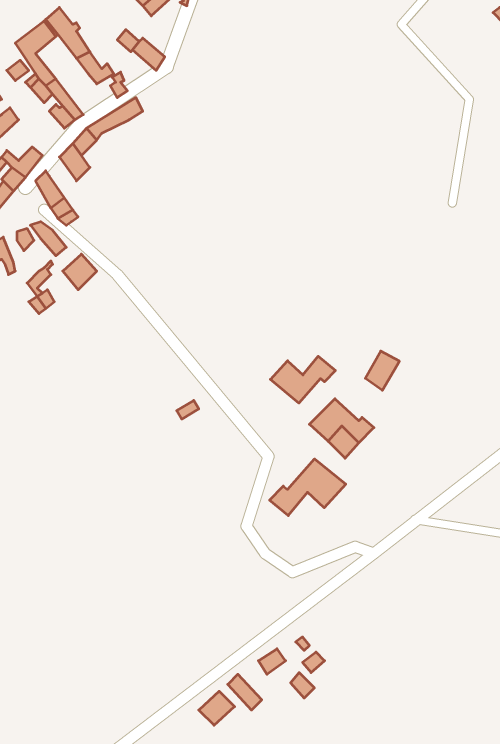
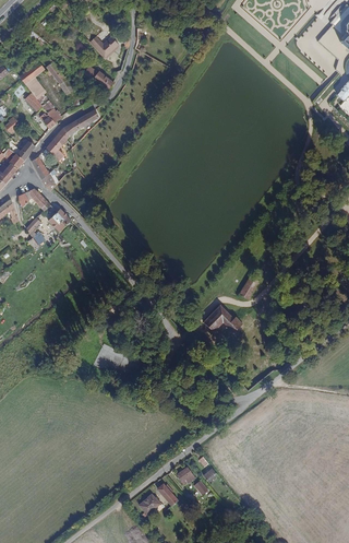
building: [270,356,335,403] -> none
building: [270,459,346,516] -> none

